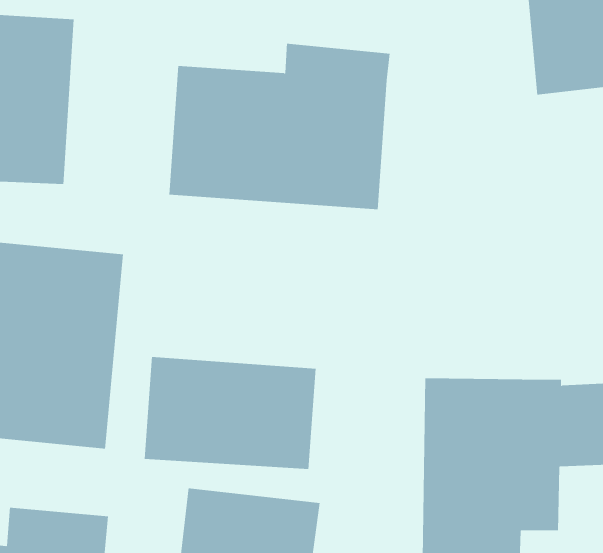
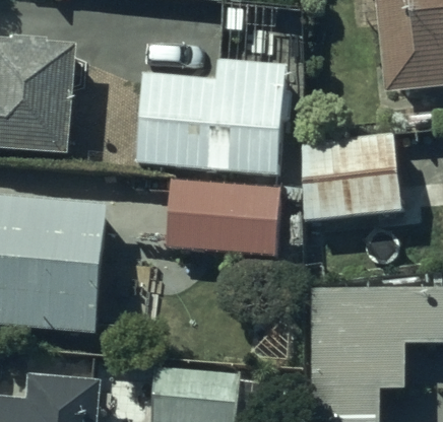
building: none -> [304,135,402,219]
building: [144,357,317,470] -> [163,178,280,255]

